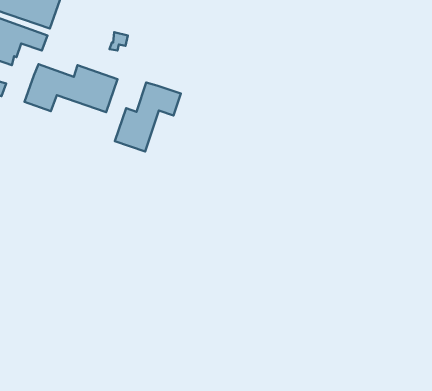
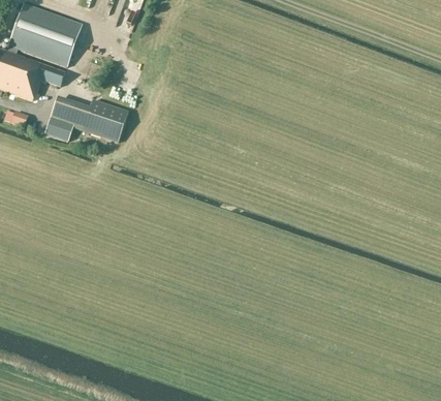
building: [115,82,181,151] -> none

